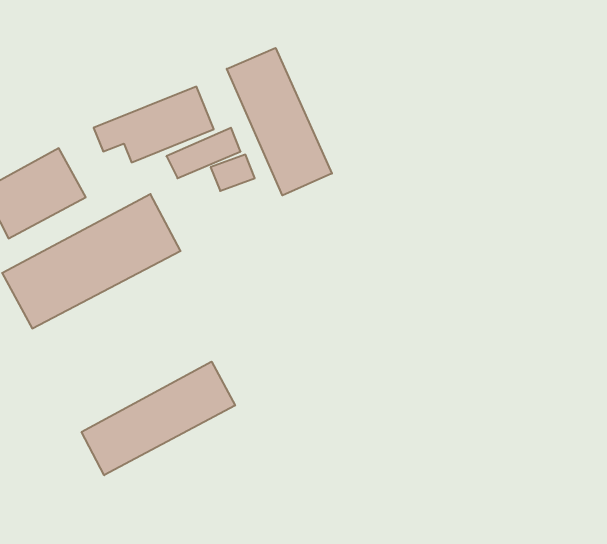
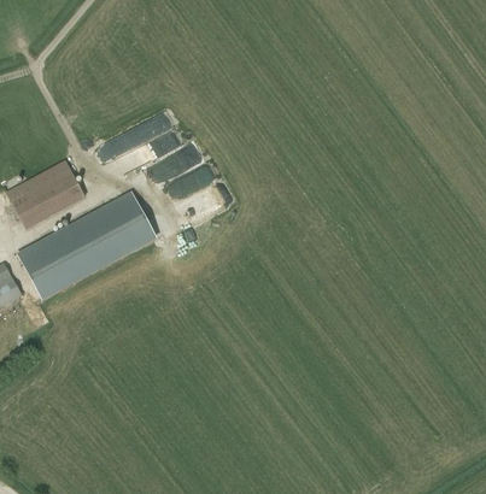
building: [227,48,332,195] -> none
building: [82,362,235,475] -> none

